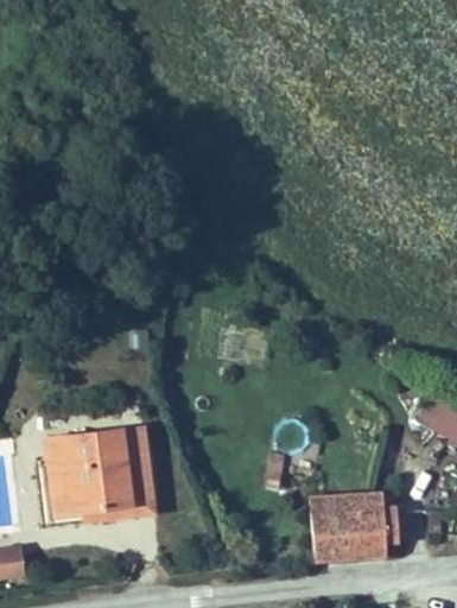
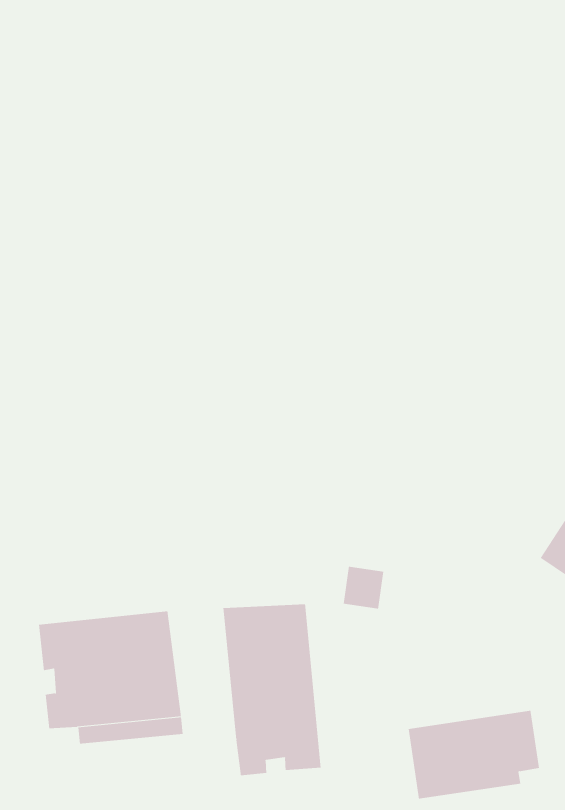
building: none -> [223,603,321,776]

